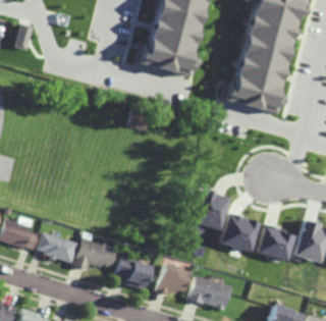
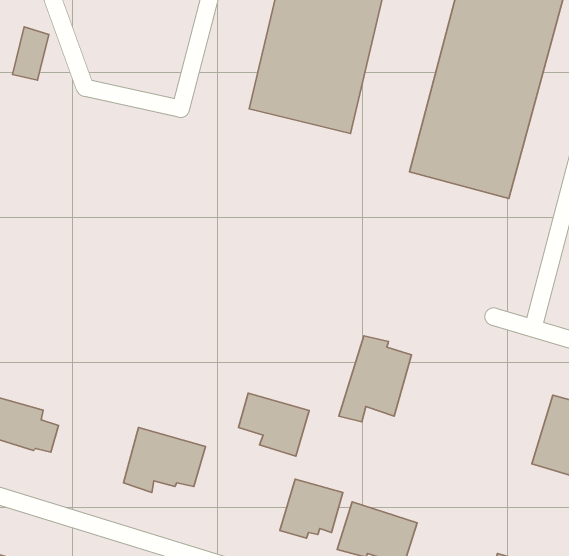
building: [218,212,258,252] -> none
building: [255,223,293,262] -> none
building: [37,231,78,263] -> none
building: [116,256,154,289] -> [238,393,309,456]

